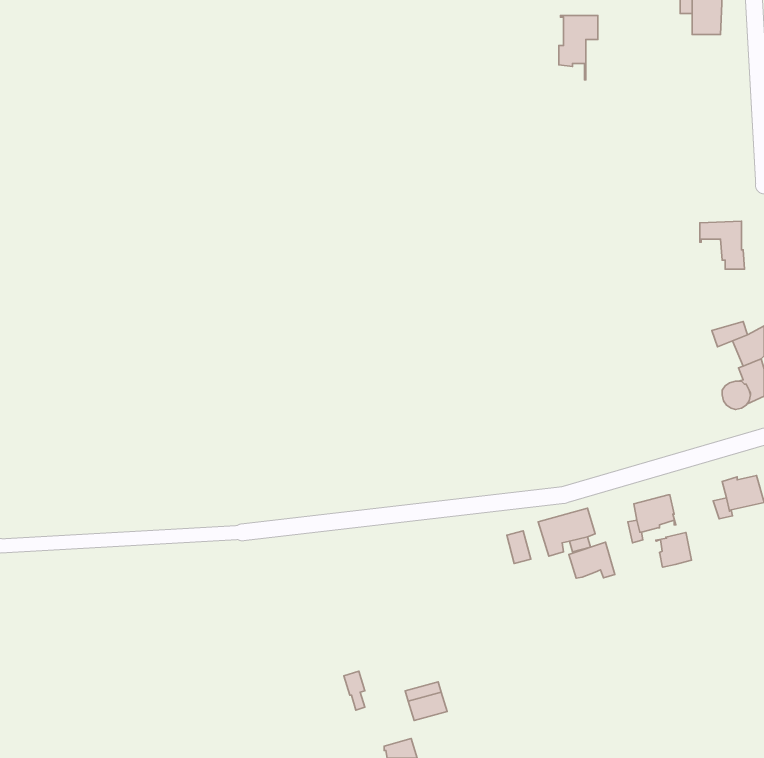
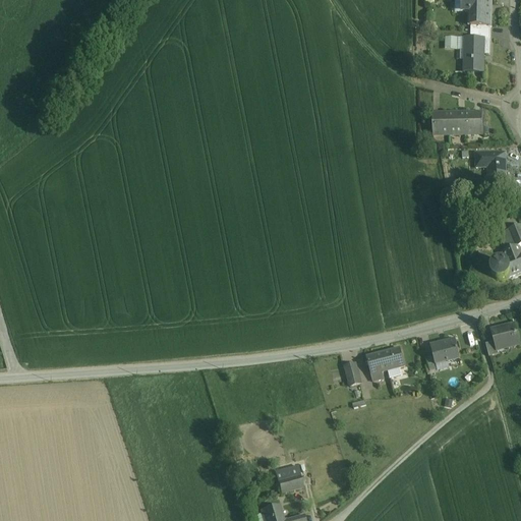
building: [559,16,598,80] -> [464,36,490,79]
building: none -> [432,109,483,134]
building: [656,533,691,567] -> none
building: [569,542,615,578] -> none

